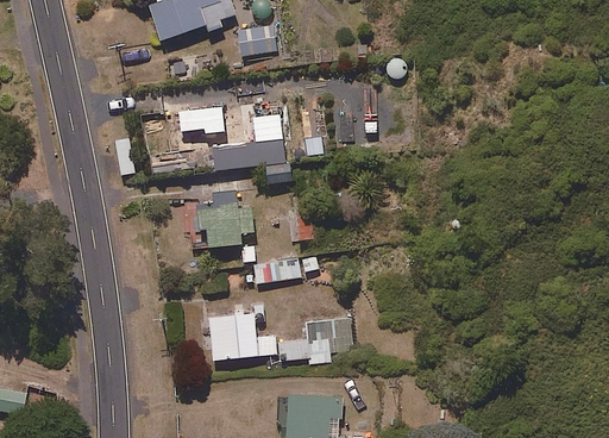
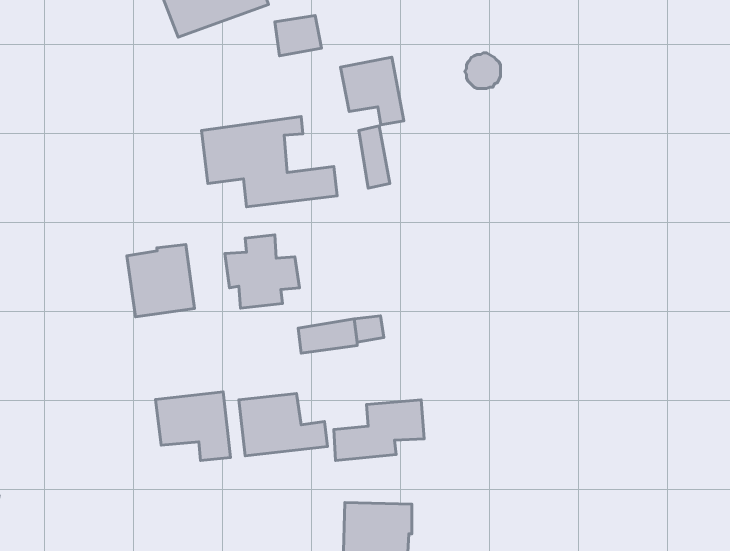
building: none -> [341,57,404,125]
building: none -> [127,245,194,317]
building: none -> [156,392,231,461]

